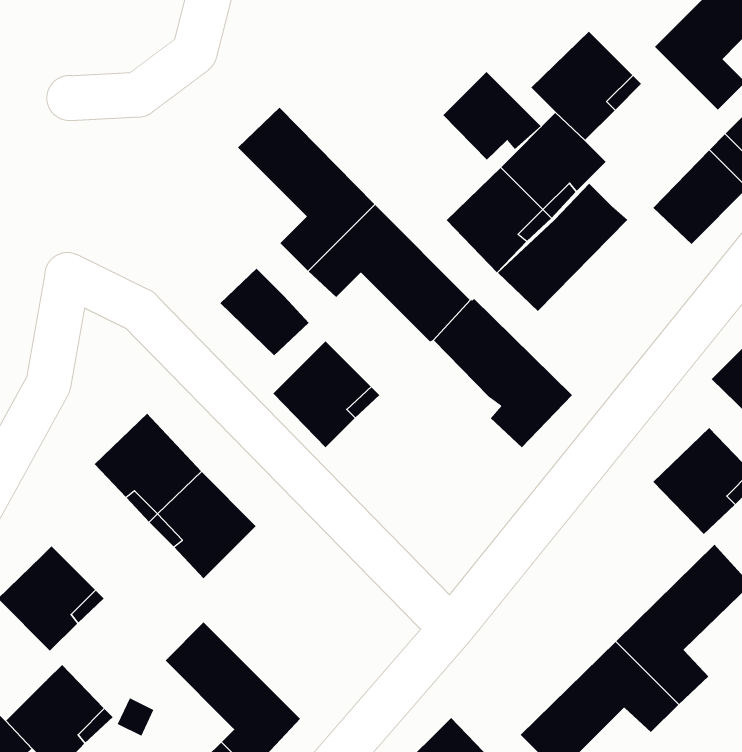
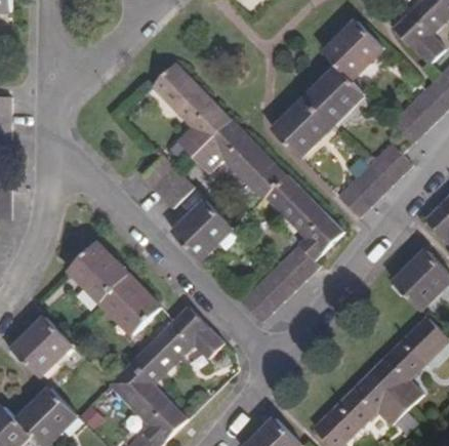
building: [443,71,541,160] -> none
building: [497,183,628,312] -> [336,141,412,216]
building: none -> [241,243,319,321]
building: none -> [131,306,223,383]

